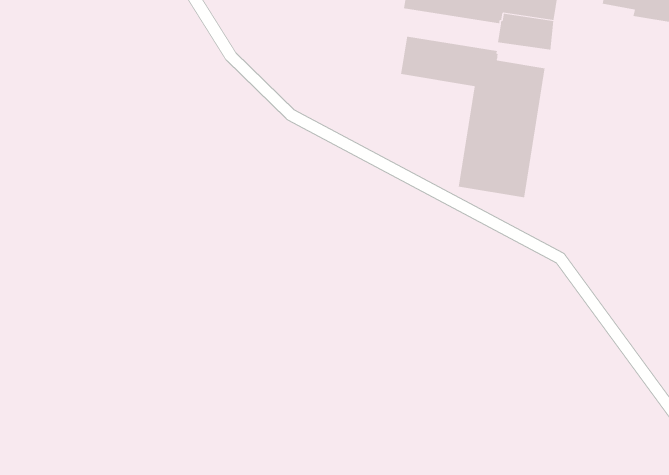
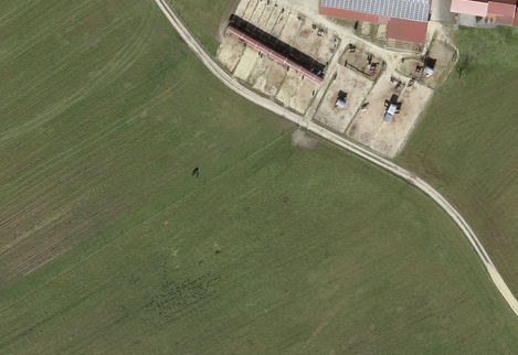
building: [400,36,545,198] -> none

